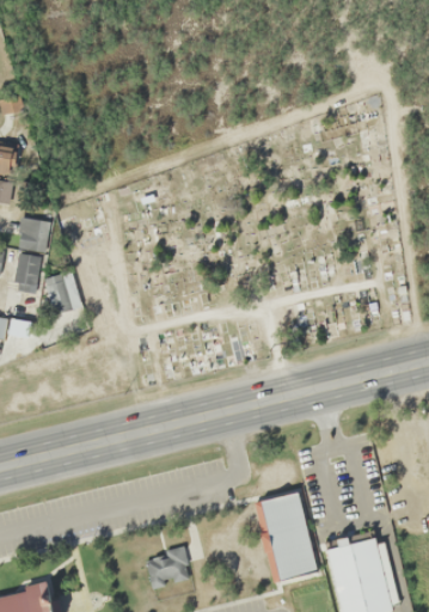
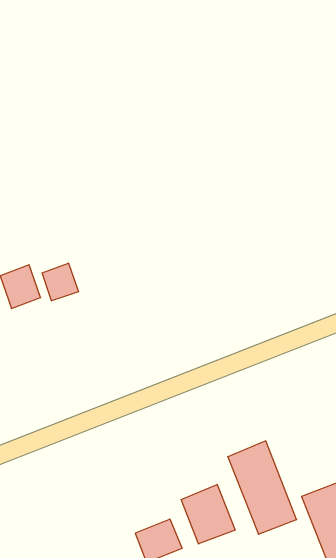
building: none -> [42,263,78,301]
building: none -> [181,484,235,544]

